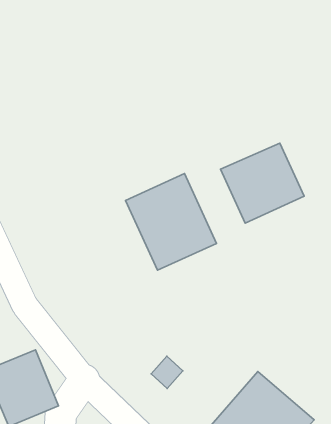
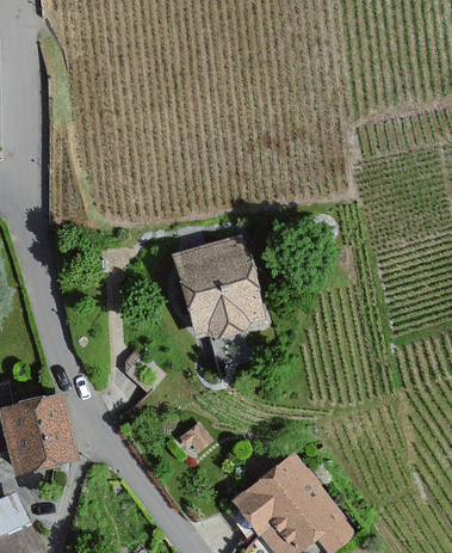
building: [220,143,304,223] -> none

